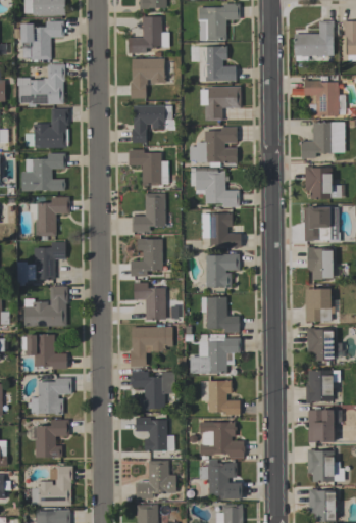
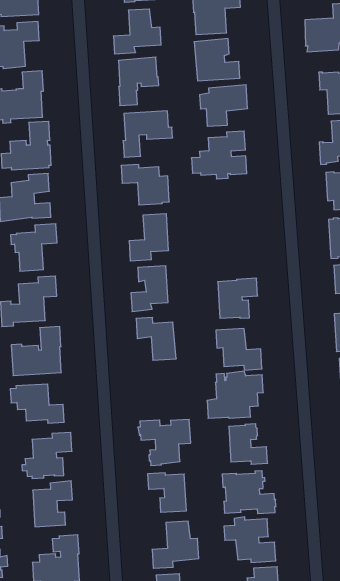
building: [191,168,239,206] -> none
building: [202,213,241,247] -> none
building: [131,325,172,367] -> none

